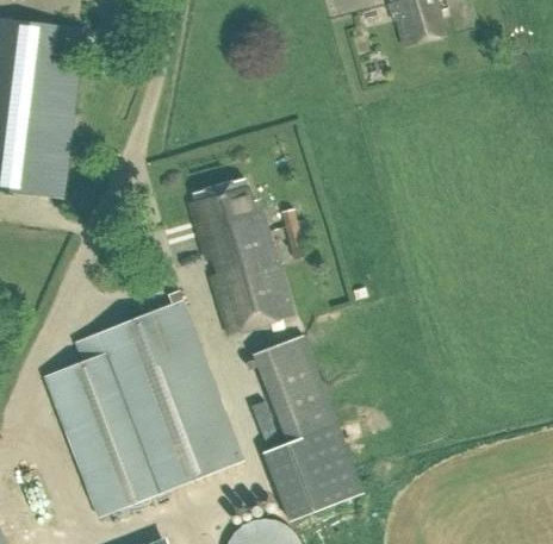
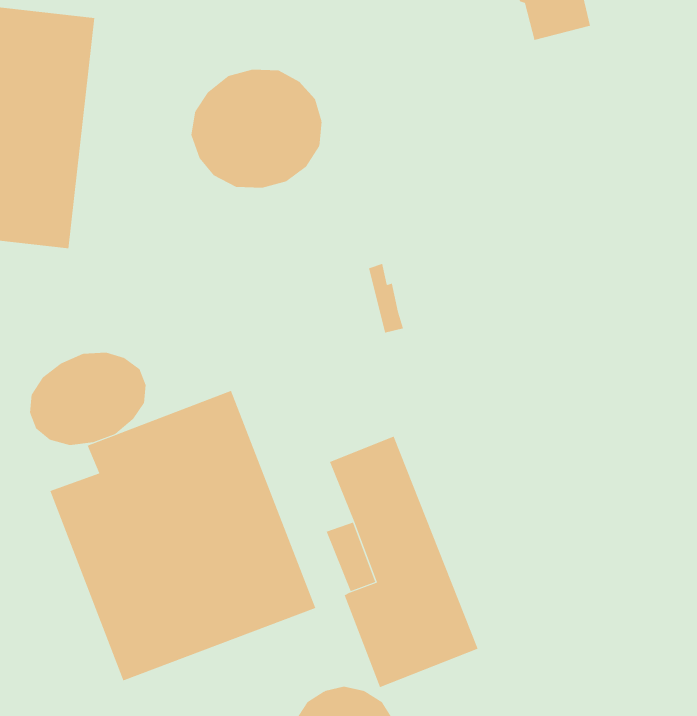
building: none -> [191,69,322,189]
building: [188,177,291,332] -> none
building: none -> [30,352,146,446]

